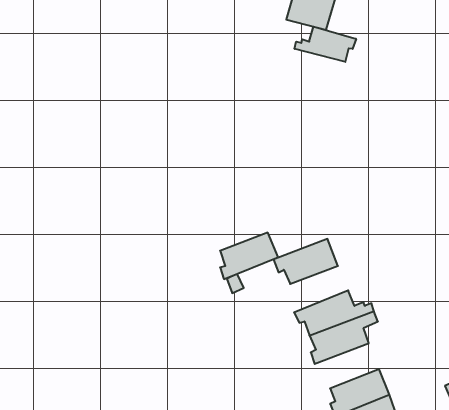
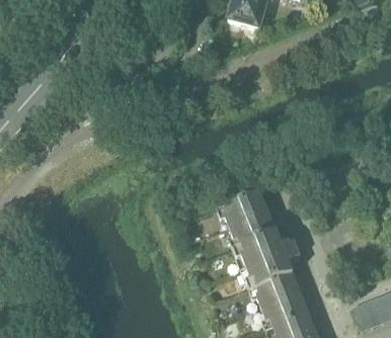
building: [295,27,356,62] -> none
building: [220,233,278,279] -> [231,214,277,250]
building: none -> [250,274,301,310]

